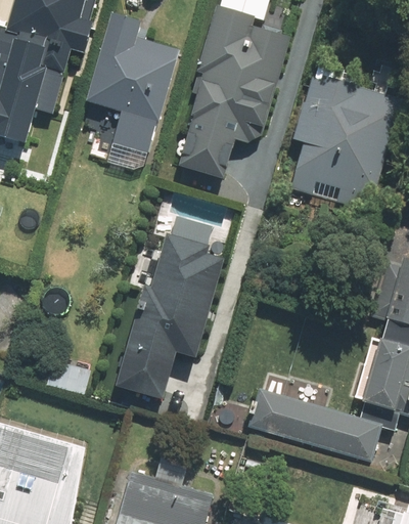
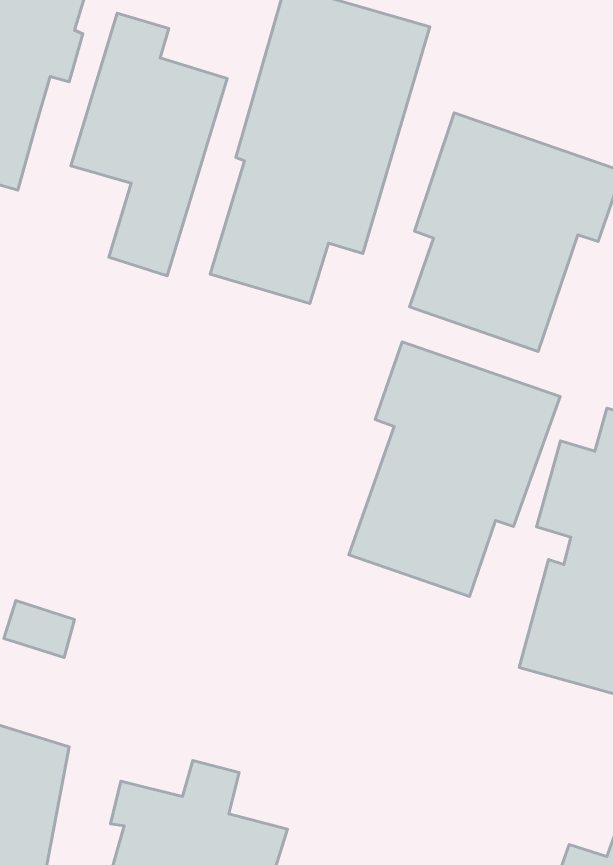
building: none -> [349,342,560,597]
building: [118,231,225,398] -> none
building: [243,386,379,461] -> none

